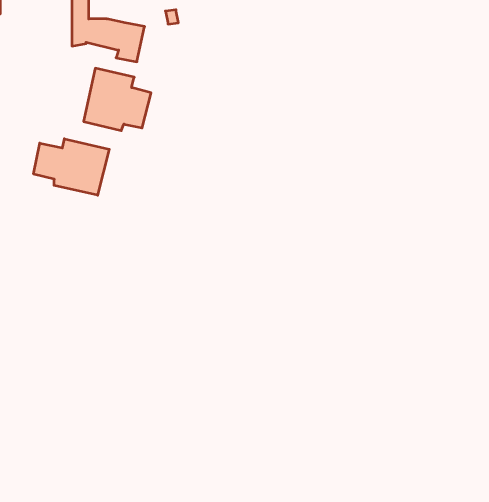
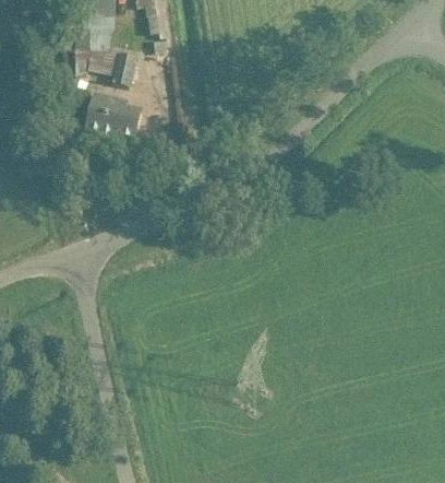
building: [34,139,109,195] -> none

